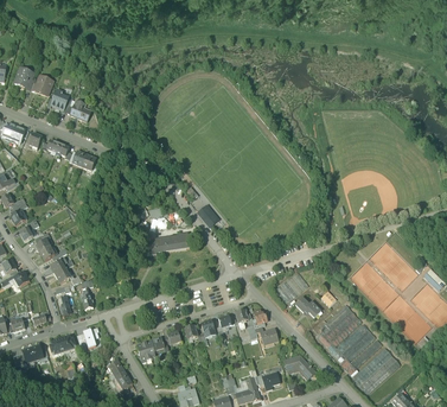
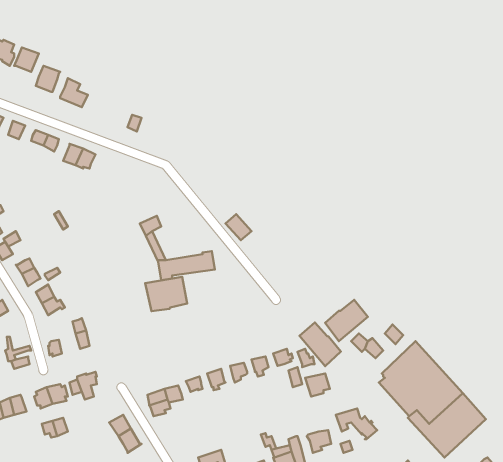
building: none -> [145,277,187,311]
building: none -> [299,322,341,366]

